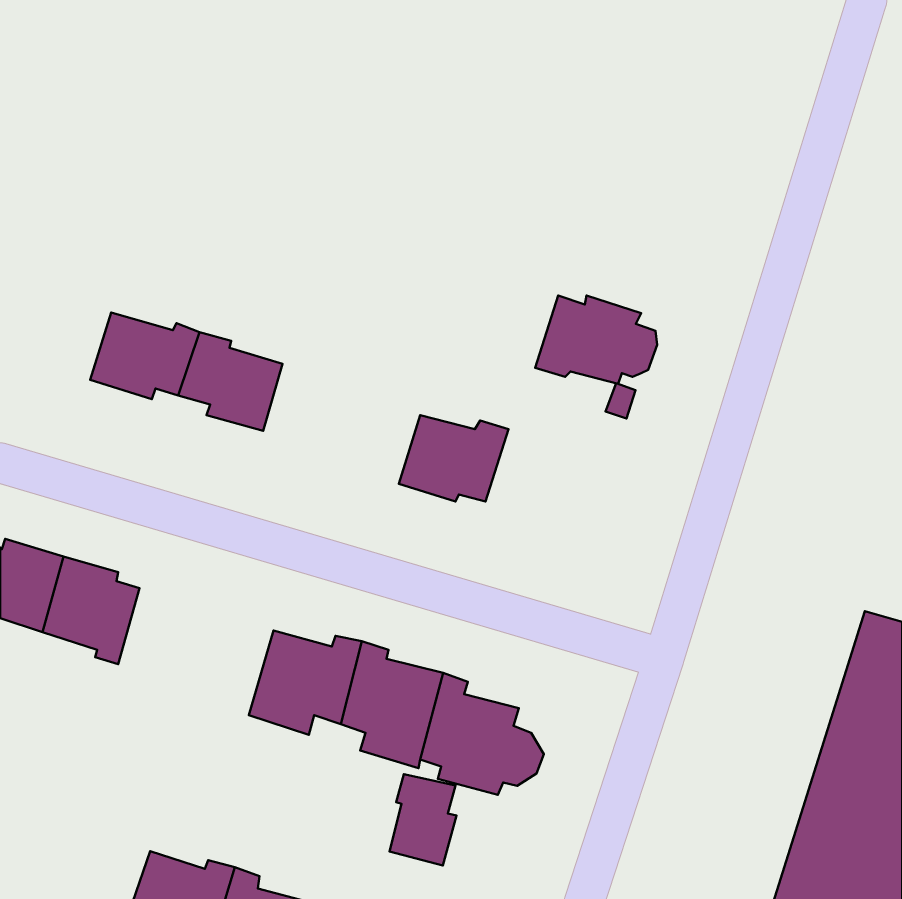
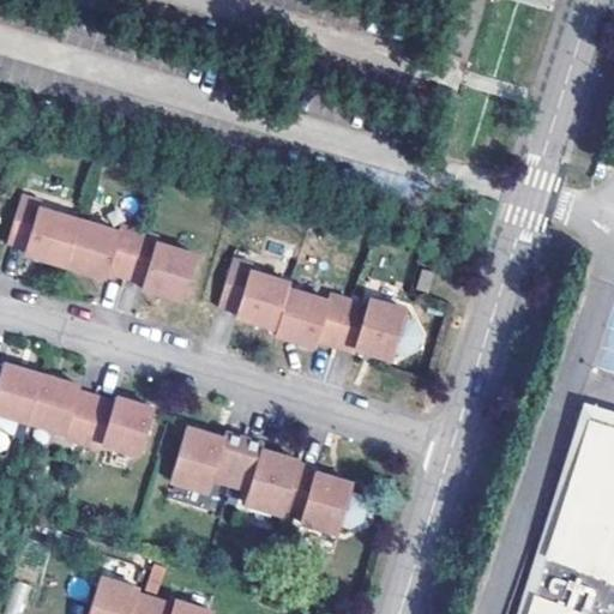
building: none -> [6,192,76,260]
building: [535,296,657,384] -> [330,294,413,354]
building: none -> [216,255,288,331]
building: none -> [80,399,150,464]
building: [389,774,456,866] -> none

